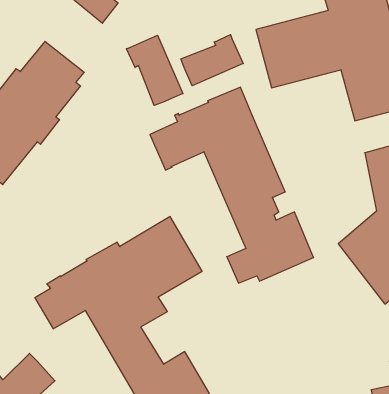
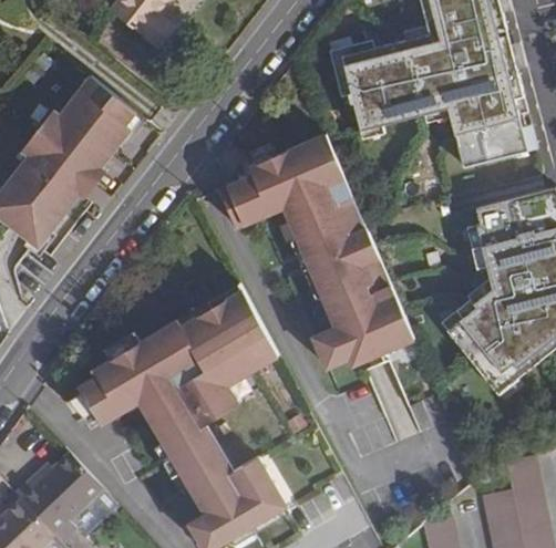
building: [181,35,243,86] -> none
building: [126,35,183,105] -> none

